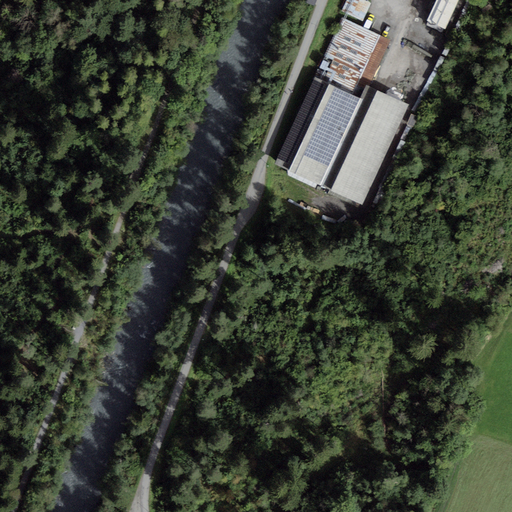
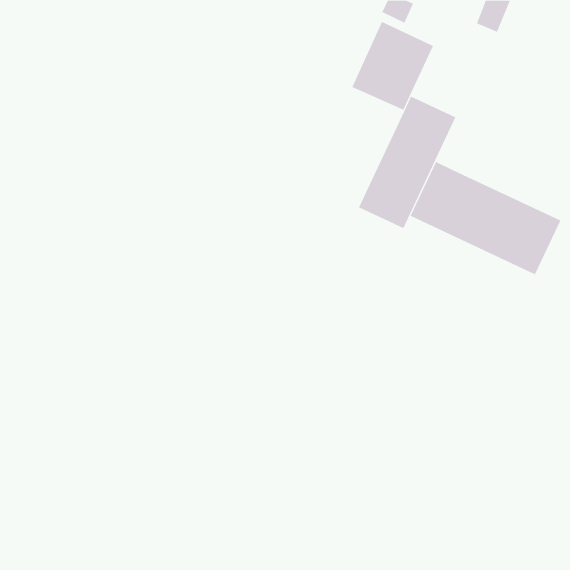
building: [275,78,362,186] -> none
building: none -> [410,161,561,275]

